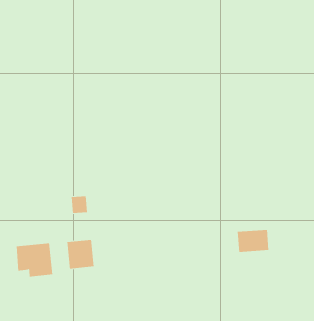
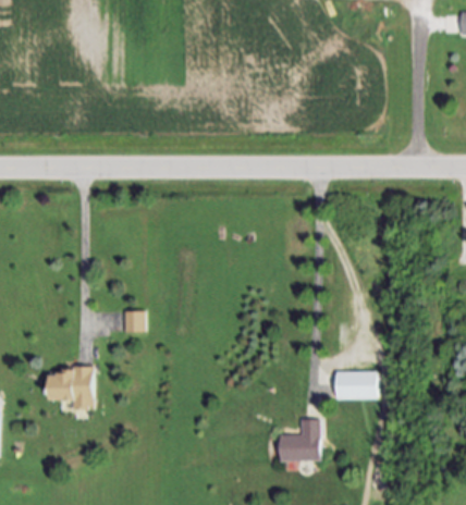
building: [67,239,94,269] -> none
building: none -> [278,419,320,460]

